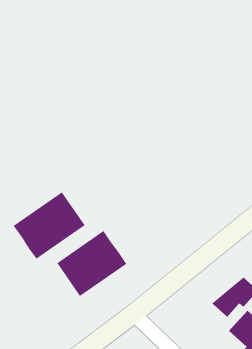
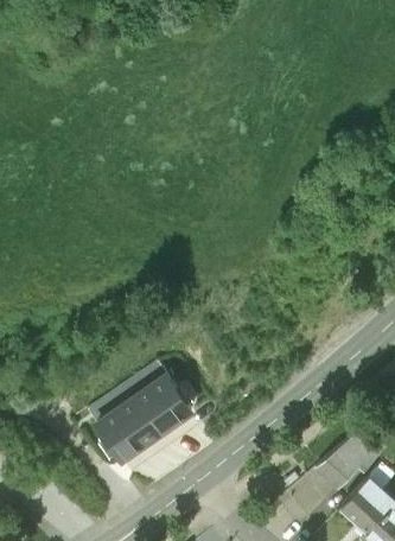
building: [13,191,85,260] -> none

